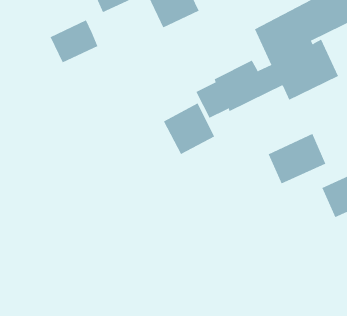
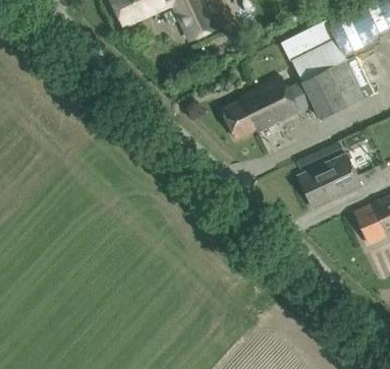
building: [50,19,98,63] -> none
building: [163,103,215,155] -> none

